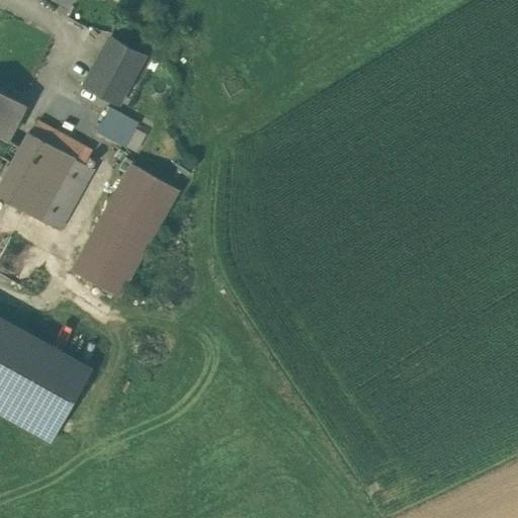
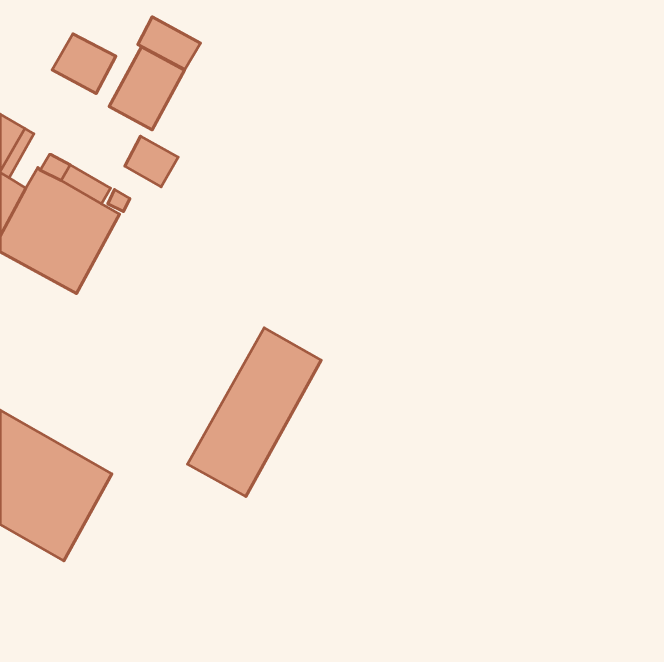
building: none -> [138,17,200,70]
building: none -> [52,34,116,94]
building: [72,171,176,303] -> [187,328,321,497]

